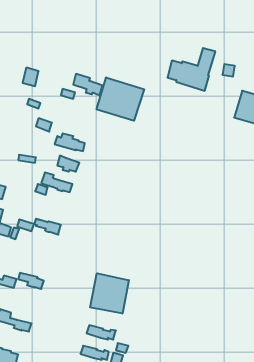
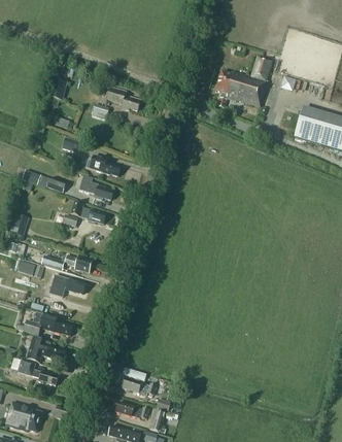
building: [97,77,144,121] -> none
building: none -> [48,274,84,298]
building: [90,273,129,314] -> none
building: none -> [26,338,65,363]

